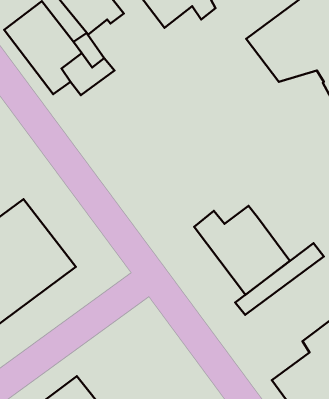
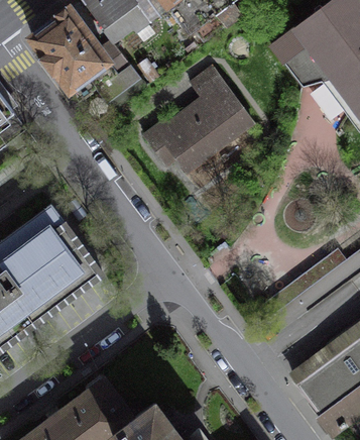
building: none -> [143,67,252,172]
building: [194,206,290,295] -> none

